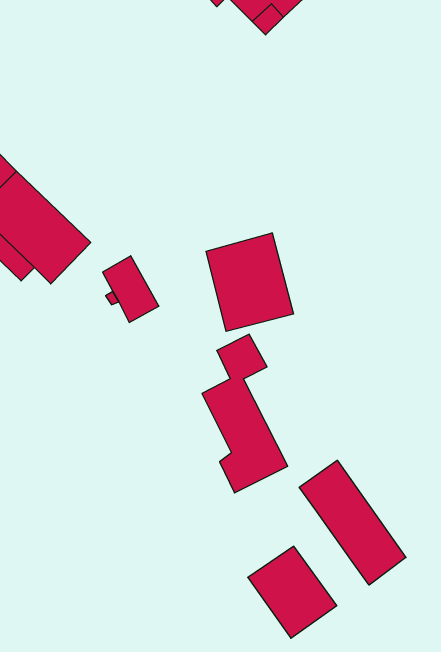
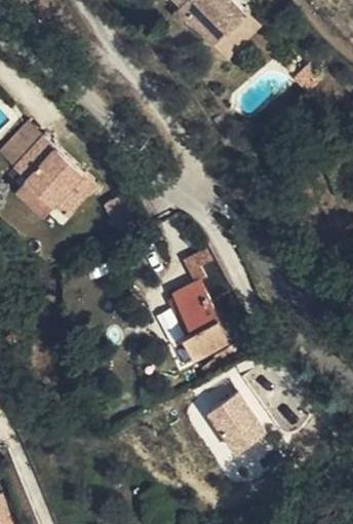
building: [206,233,293,331] -> none
building: [299,460,406,585] -> none

